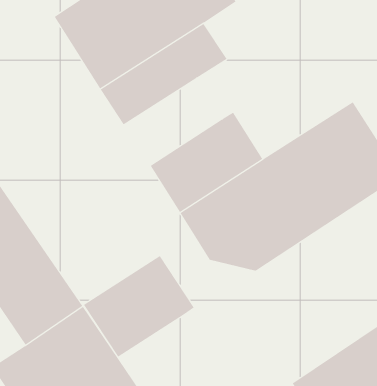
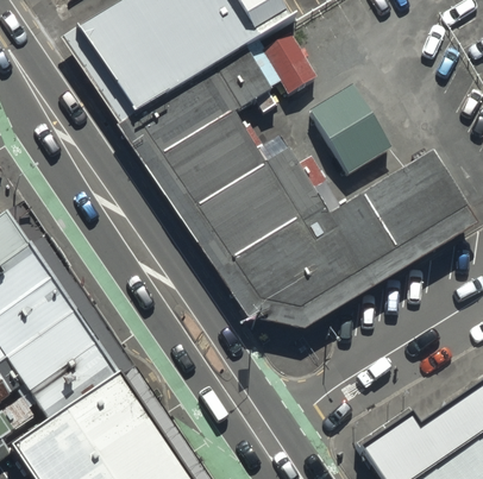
building: none -> [312,81,394,170]
building: none -> [161,102,276,204]
building: [83,255,195,357] -> none

